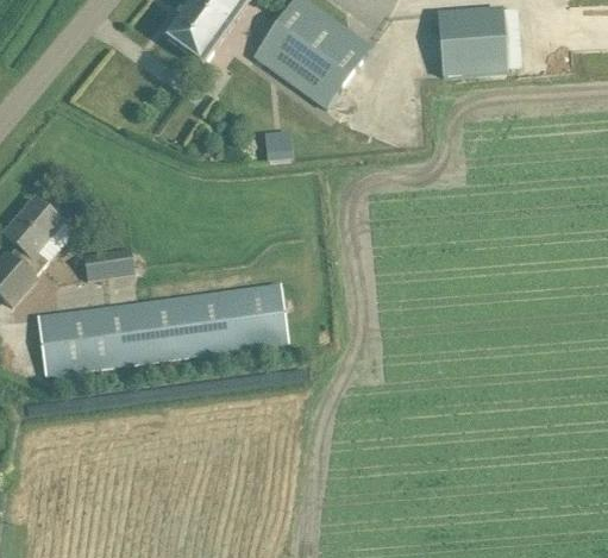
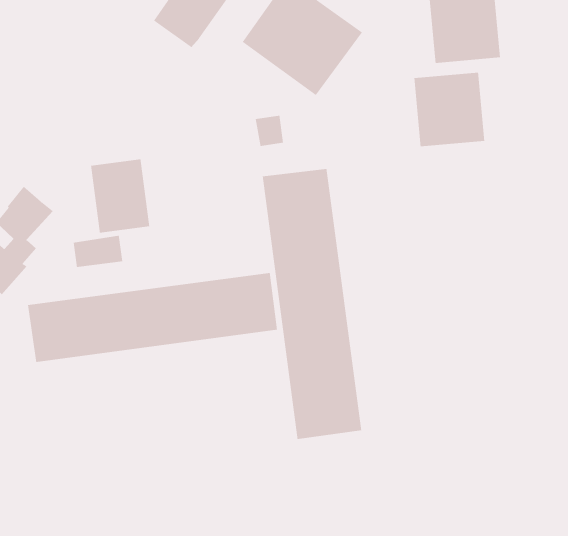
building: none -> [414,72,485,147]
building: none -> [90,158,150,233]
building: none -> [262,168,362,440]

